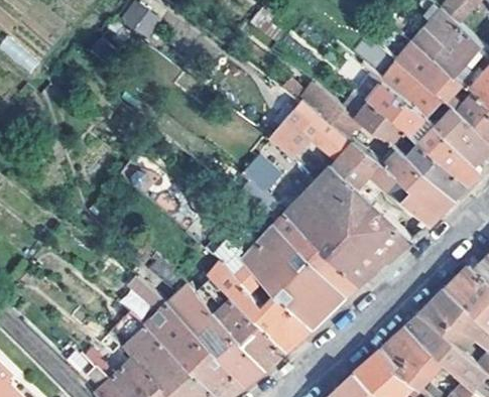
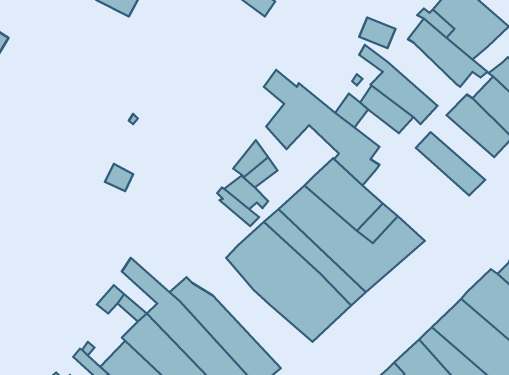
building: [379,59,441,119] -> none
building: [282,81,345,125] -> none
building: [418,127,479,184] -> none
building: [369,150,452,226] -> none
building: [202,232,313,352] -> none

